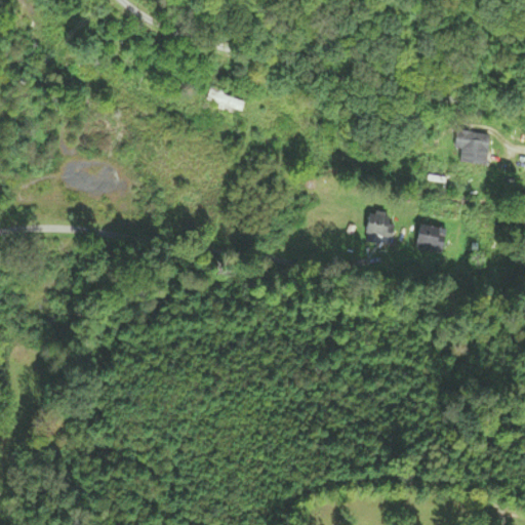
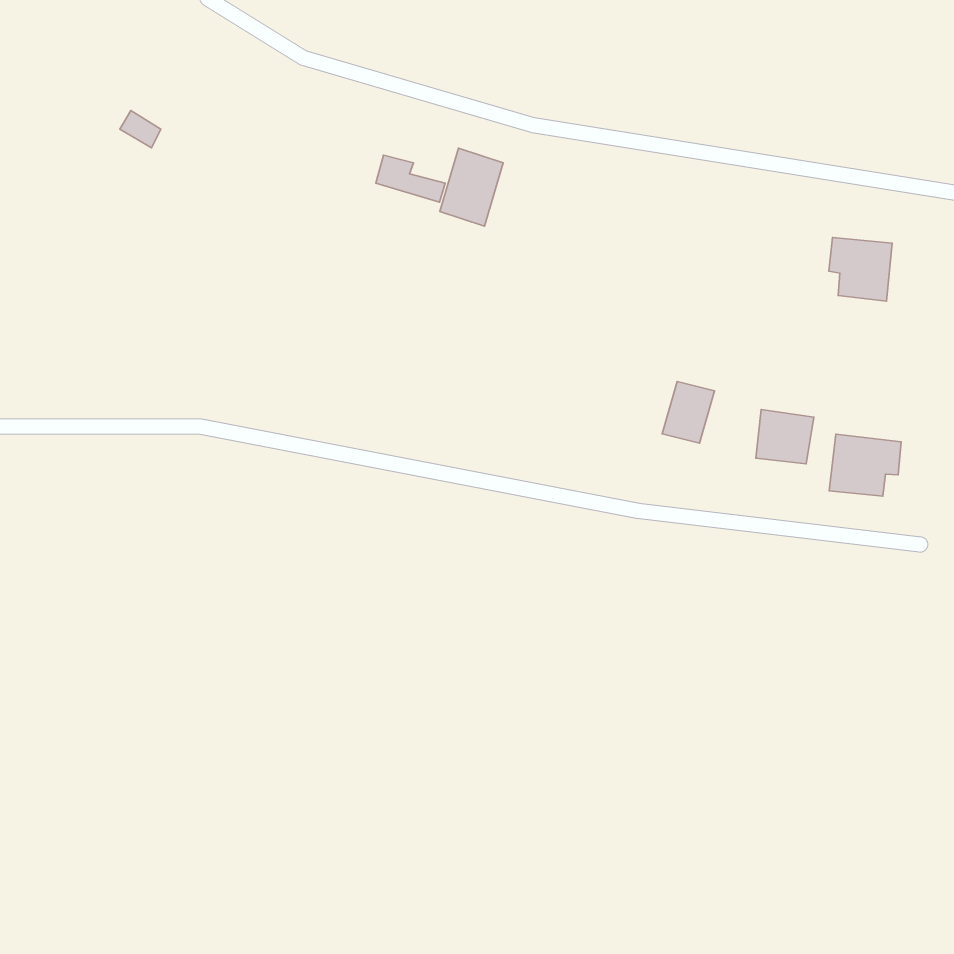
building: none -> [440,148,503,226]
building: none -> [829,434,901,496]

